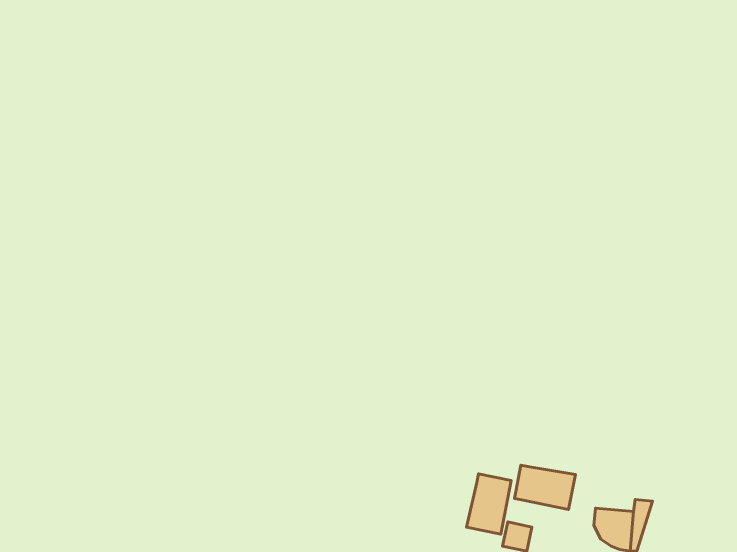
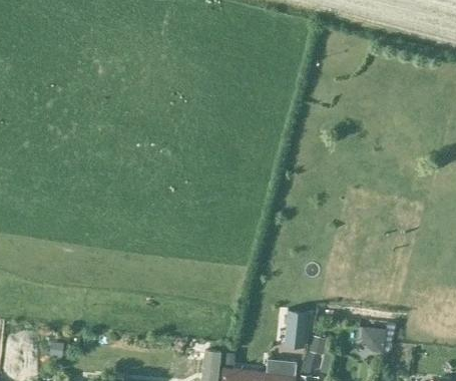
building: [515,465,576,510] -> none

